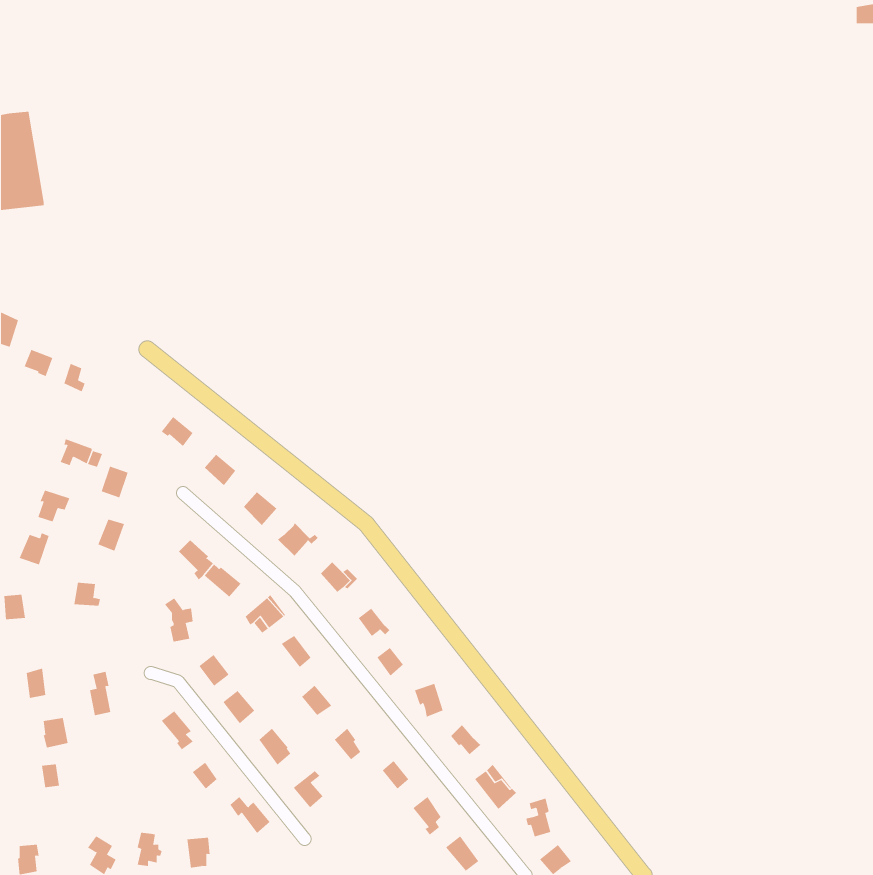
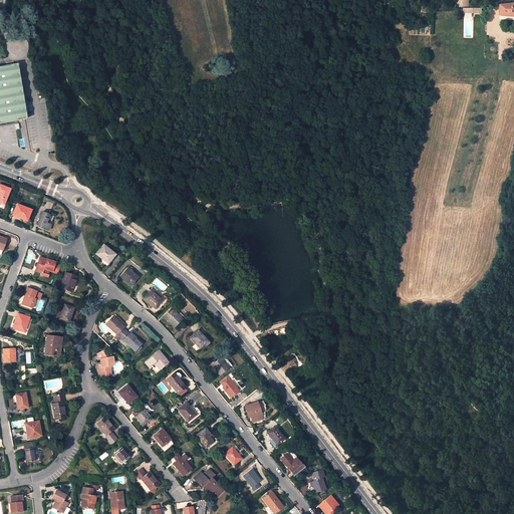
building: none -> [194,468,224,495]

